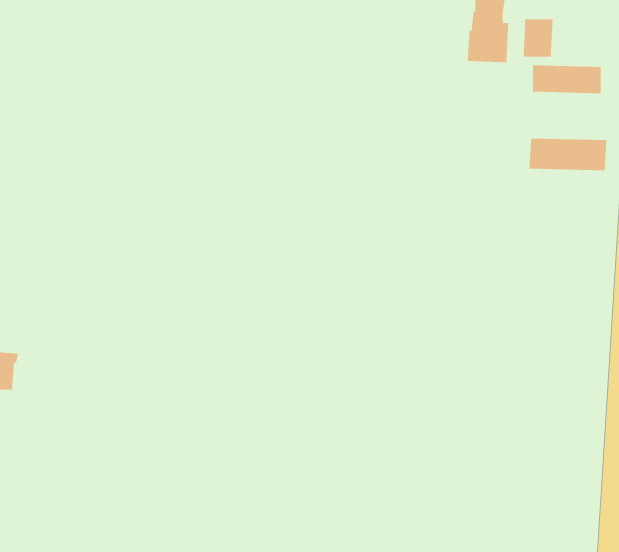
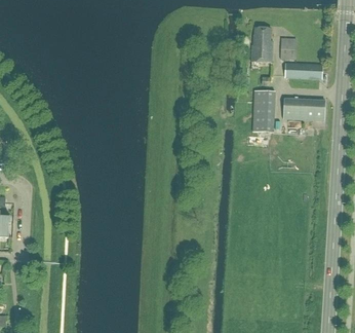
building: none -> [252,89,275,132]

